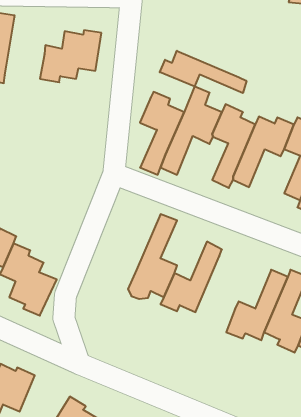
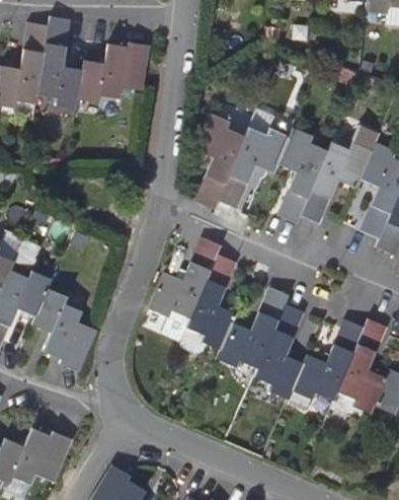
building: none -> [37,16,83,109]
building: [160,51,246,93] -> none
building: none -> [149,236,221,318]
building: none -> [253,303,304,400]

